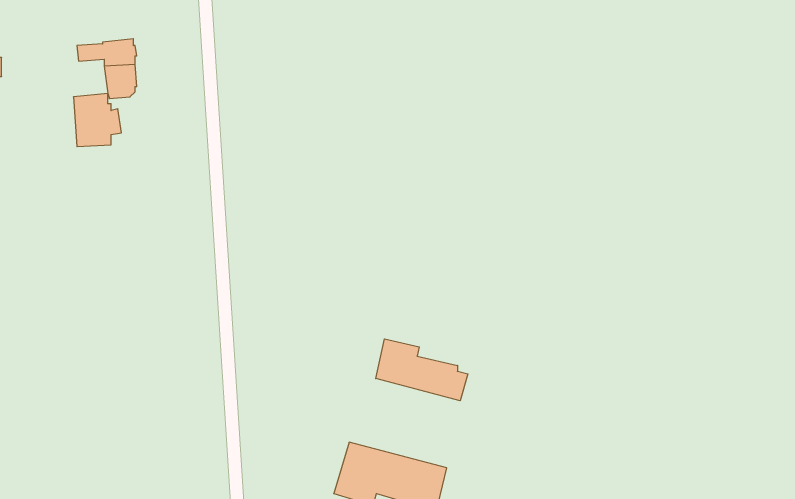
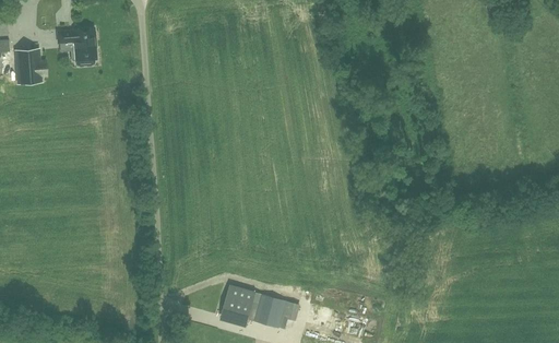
building: [73,93,121,147] -> [15,49,46,83]
building: [376,339,468,401] -> none

